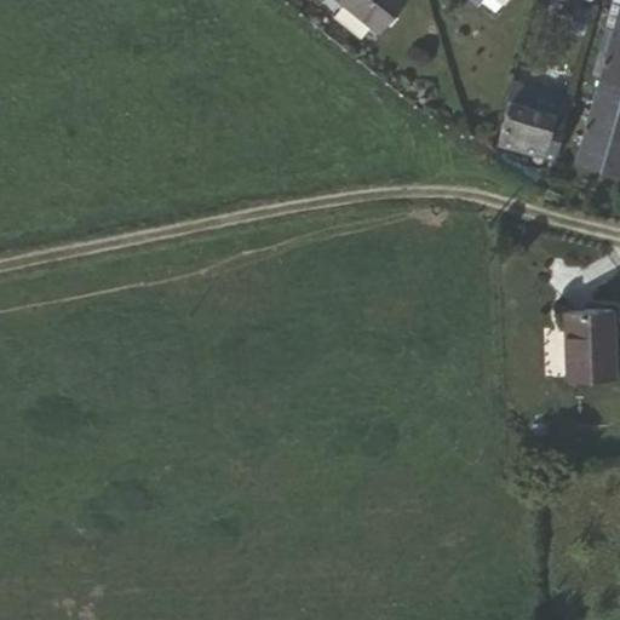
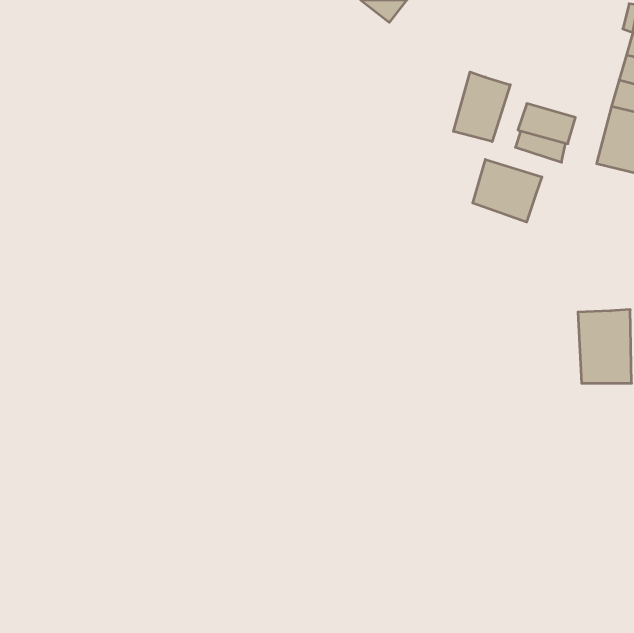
building: none -> [453,72,510,142]
building: none -> [473,159,542,222]

